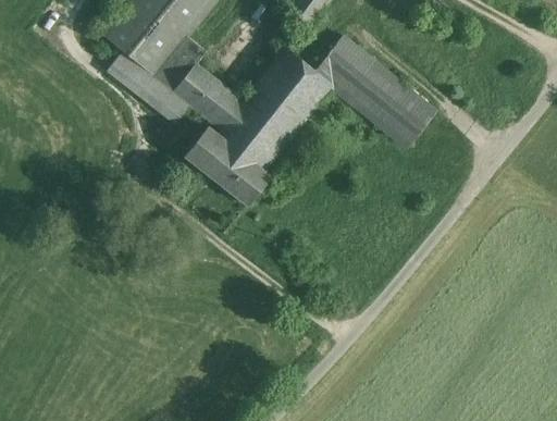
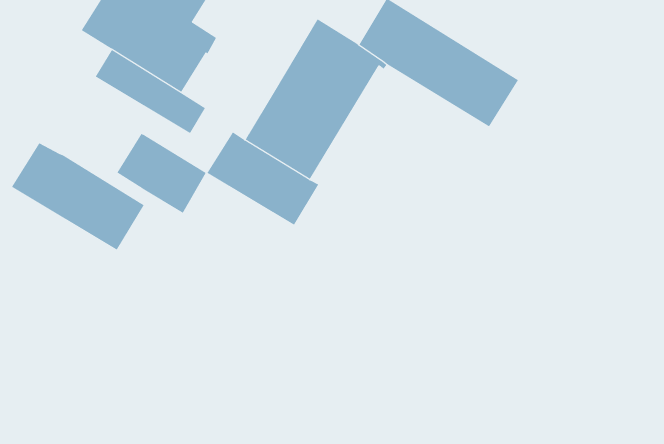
building: [174,64,244,131] -> [116,133,206,214]
building: none -> [11,142,144,251]

